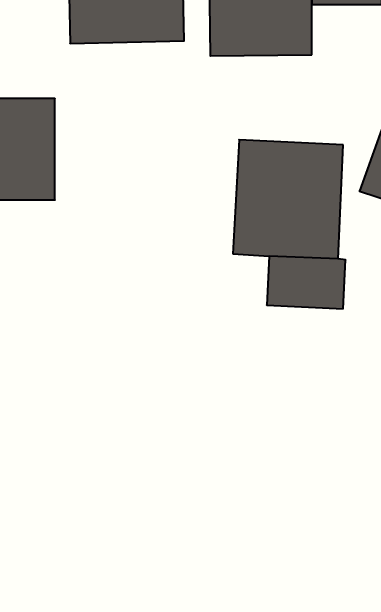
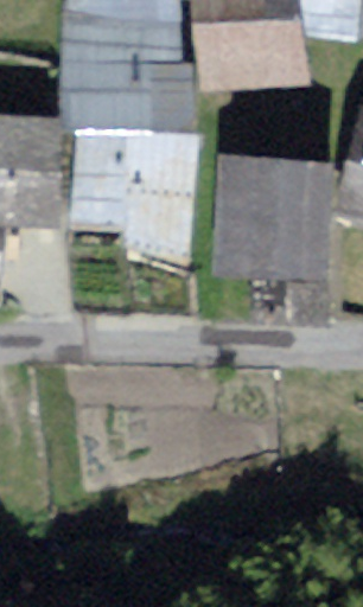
building: none -> [68,59,191,115]
building: none -> [77,127,191,244]

